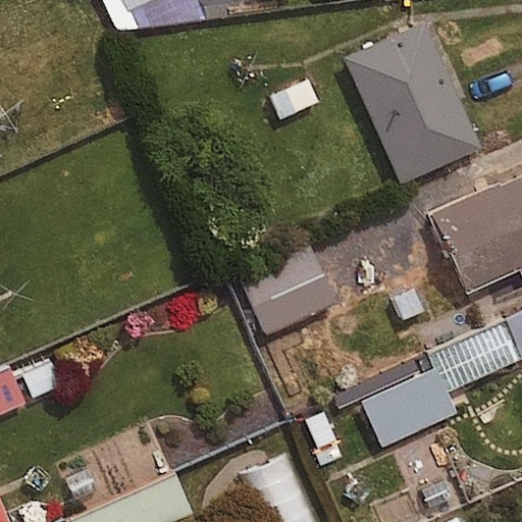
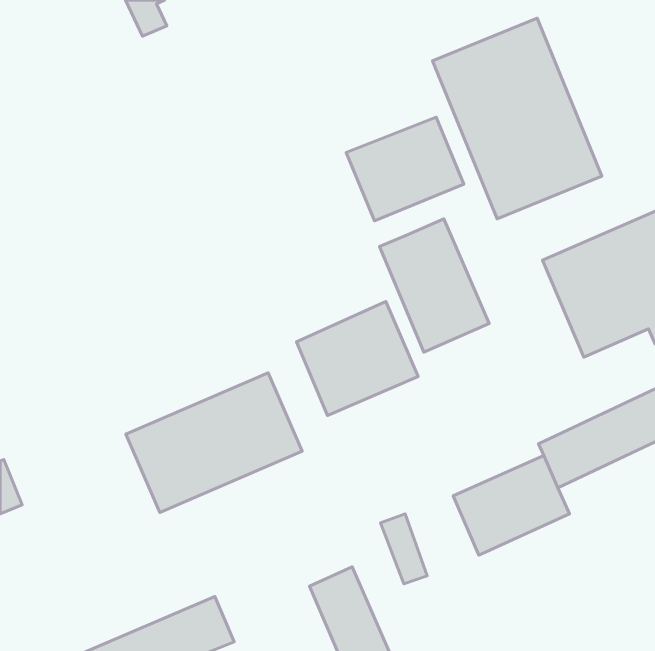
building: none -> [346,117,464,221]
building: none -> [380,219,489,352]
building: none -> [126,373,302,512]

